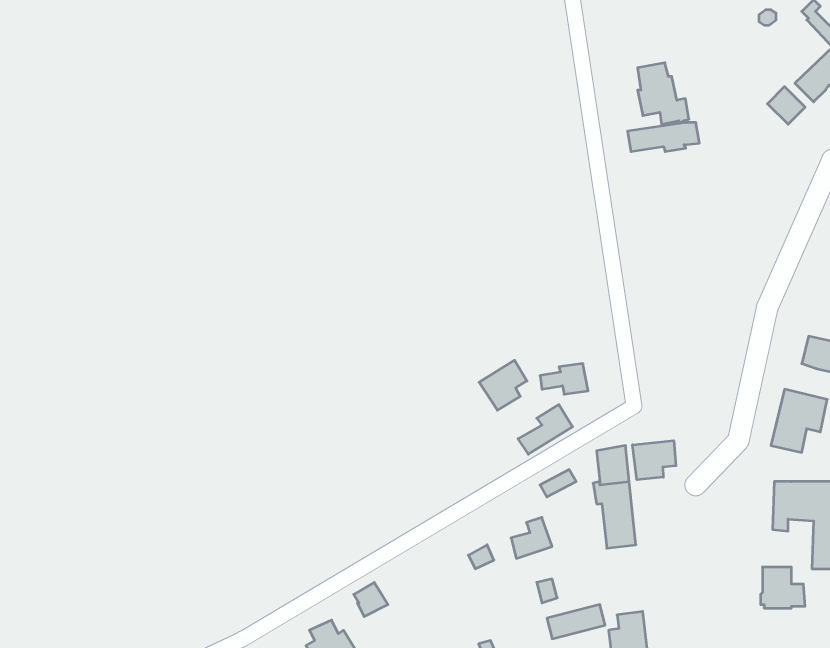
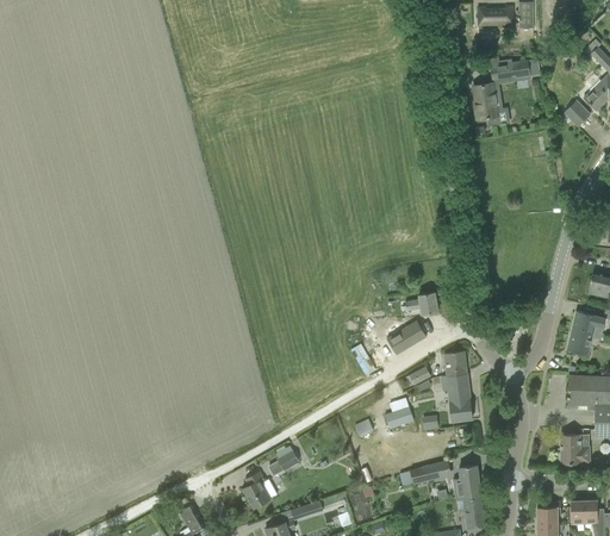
building: [628,123,699,152] -> [490,61,540,81]
building: [479,360,527,410] -> none
building: [633,441,676,480] -> none

